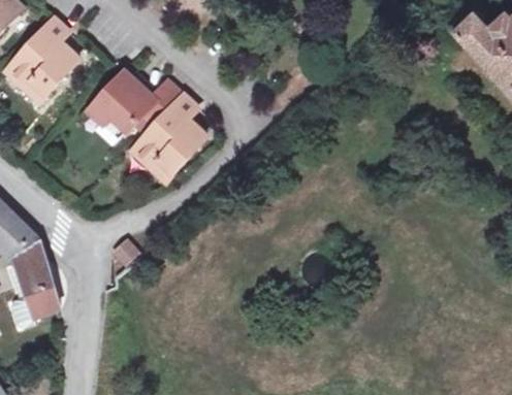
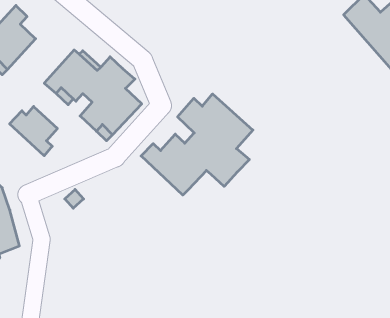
building: none -> [141,94,253,195]
building: none -> [10,106,57,156]

